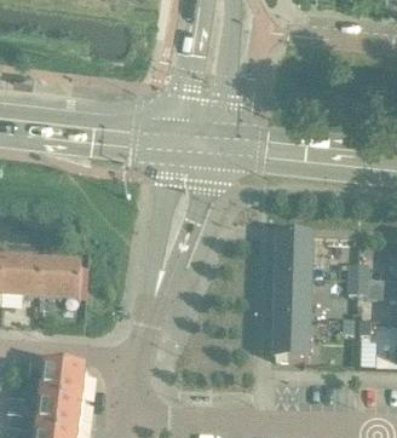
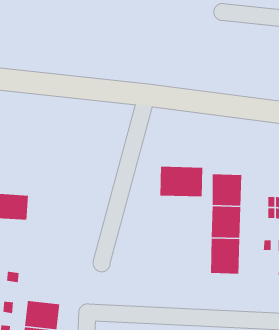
building: none -> [159,166,203,197]
building: [39,257,80,293] -> none
building: [39,357,86,396] -> none

